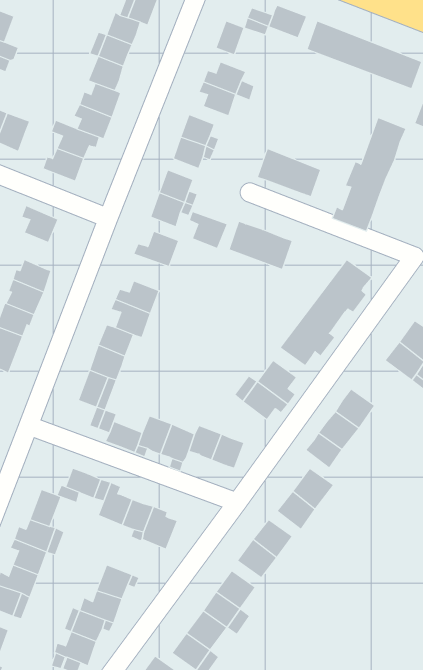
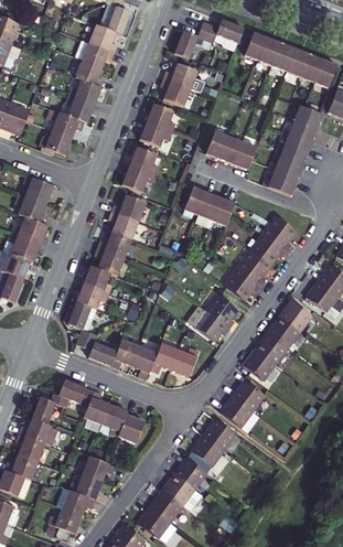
building: [189,212,228,248] -> [108,213,138,242]
building: none -> [14,194,46,225]
building: none -> [279,300,311,331]

